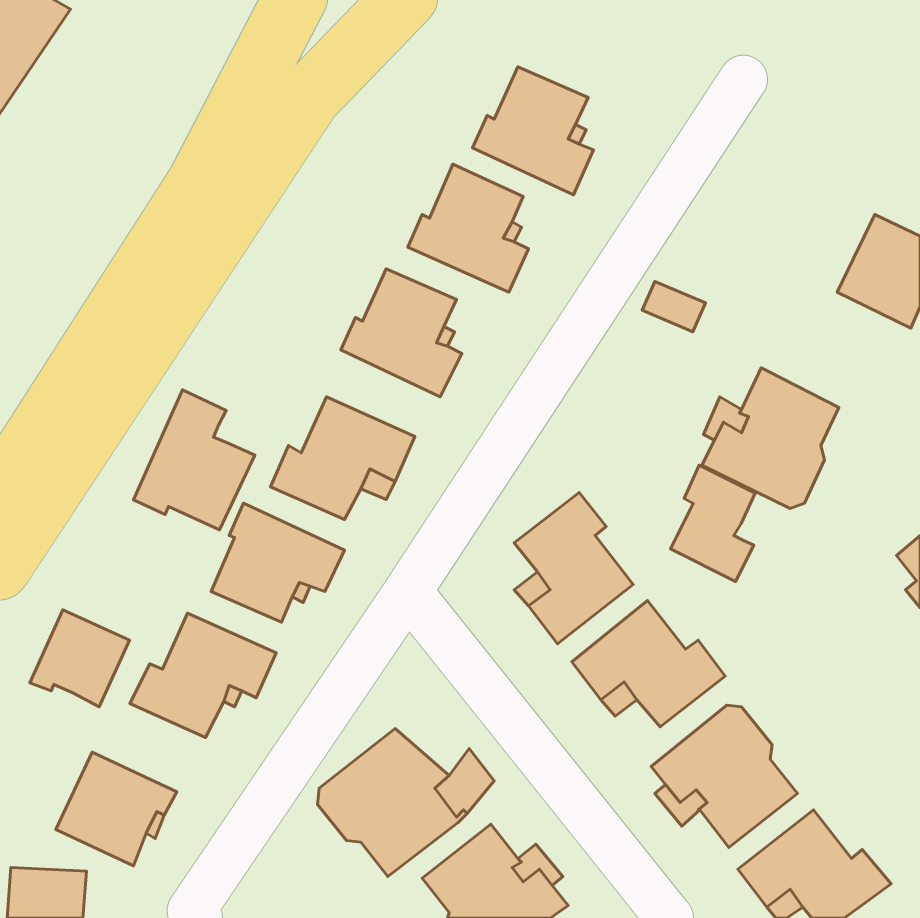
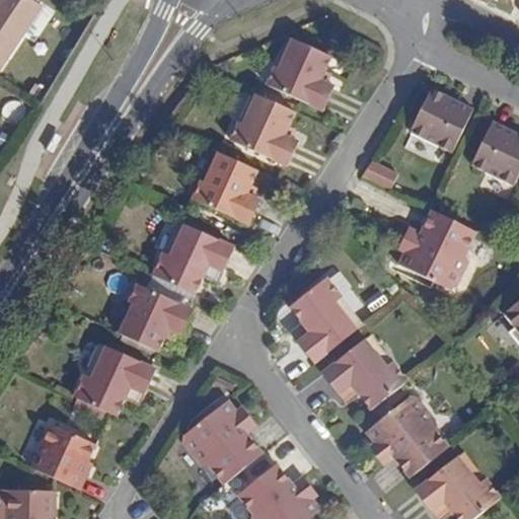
building: none -> [409,87,472,151]
building: [133,390,255,530] -> none
building: [670,465,755,582] -> none
building: [30,610,129,707] -> none

